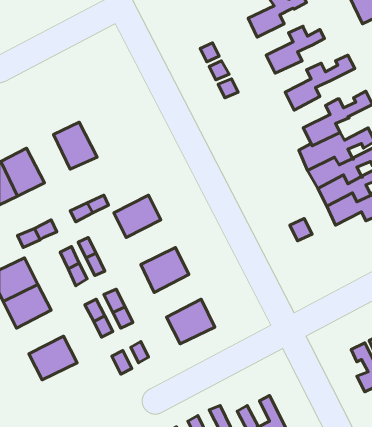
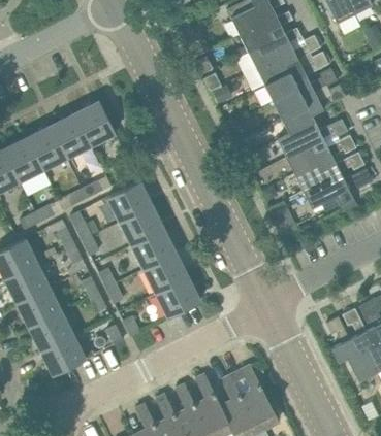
building: none -> [239,8,292,52]
building: none -> [255,35,320,86]
building: none -> [273,68,337,119]
building: none -> [74,101,115,145]
building: none -> [26,125,66,169]
building: none -> [118,203,163,244]
building: none -> [144,254,187,293]
building: none -> [17,287,60,327]
building: none -> [40,335,85,375]

